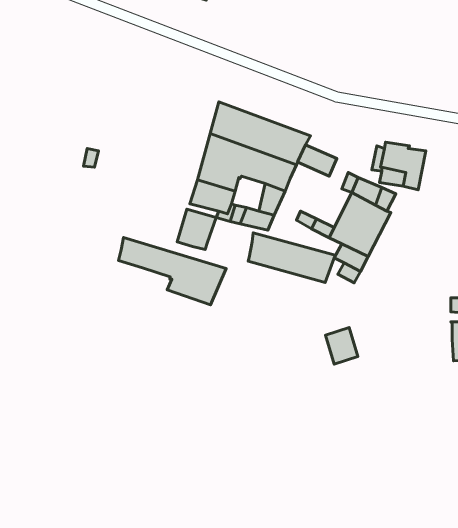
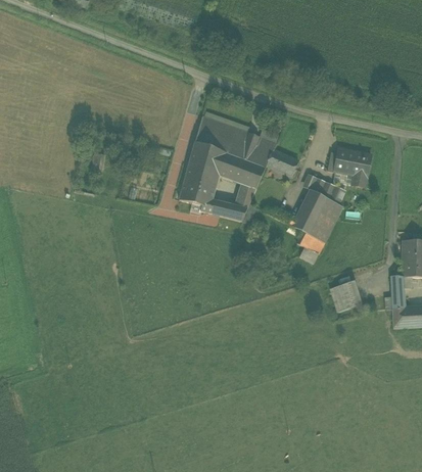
building: [177,209,216,250] -> none
building: [248,233,335,283] -> none
building: [118,238,226,305] -> none
building: [325,328,358,364] -> [331,280,358,310]

